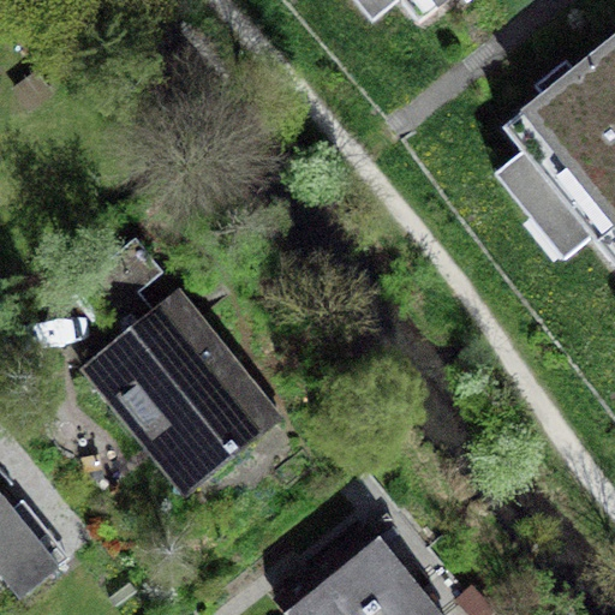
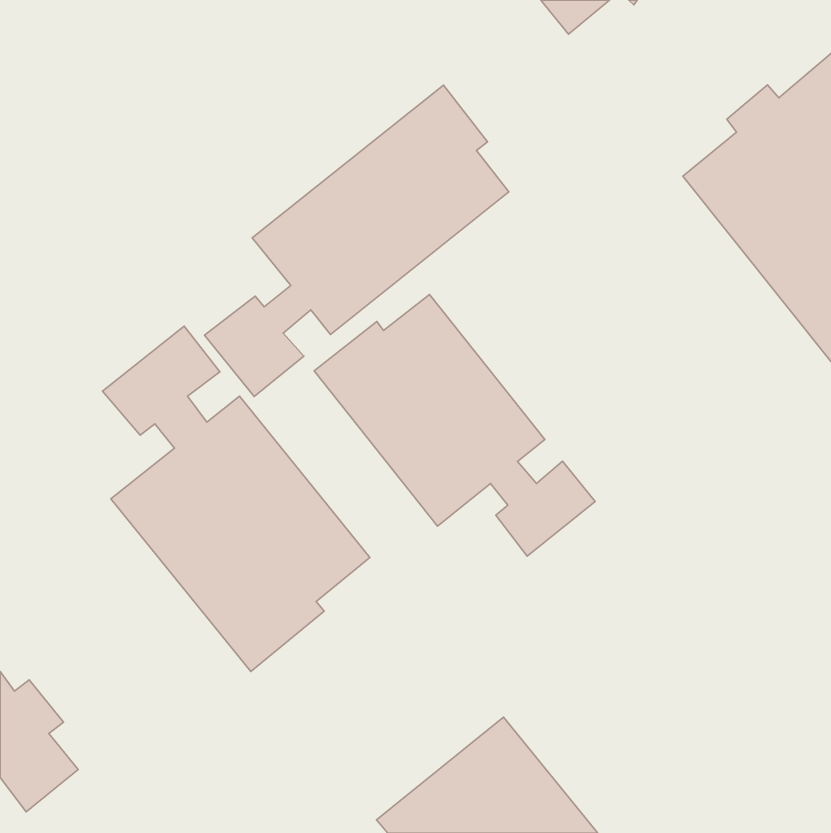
building: none -> [205,85,509,396]
building: none -> [314,295,595,556]

